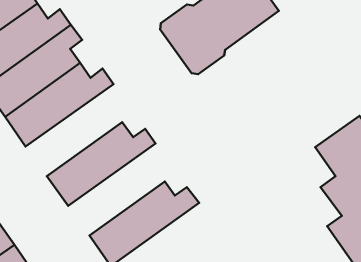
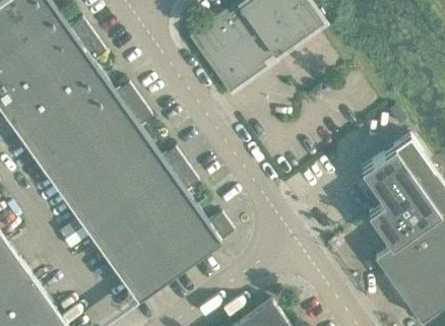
building: none -> [44,102,151,202]
building: none -> [90,167,198,267]

